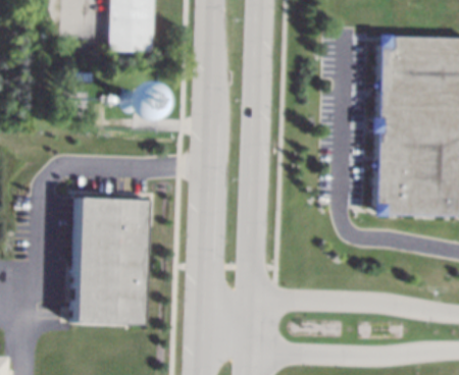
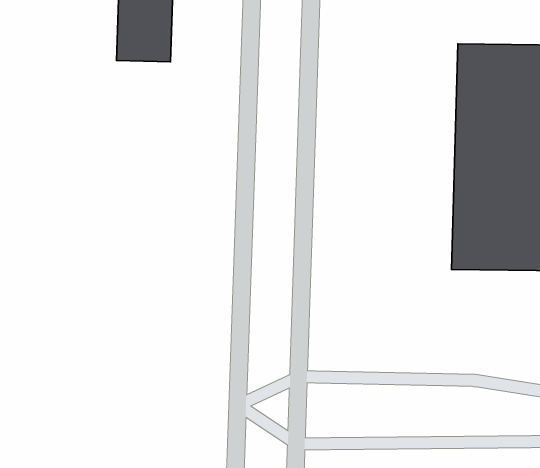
building: [73,199,149,325] -> none

